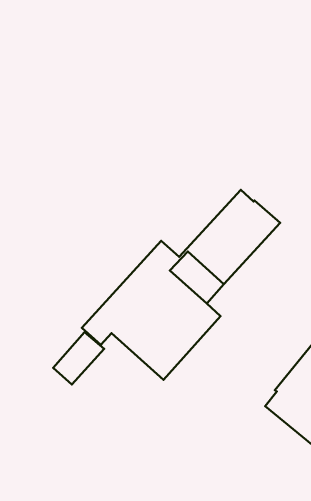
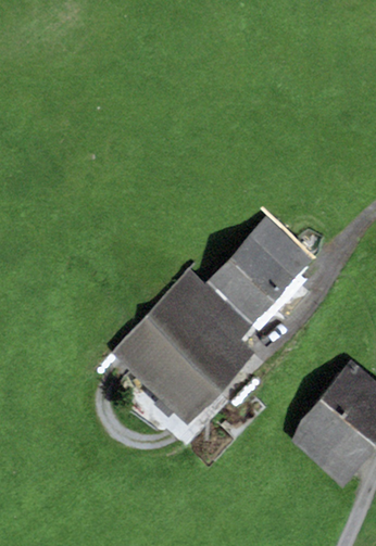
building: [53,332,104,385] -> none

